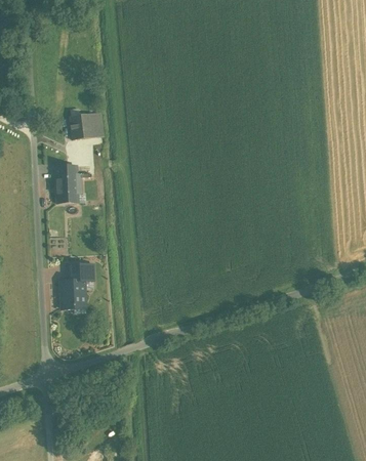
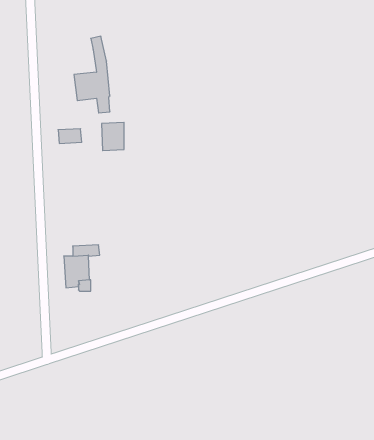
building: [57,176,78,202] -> [102,122,124,151]

